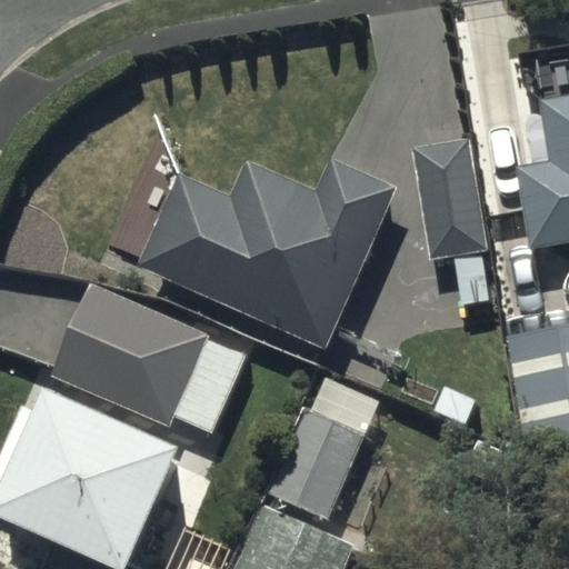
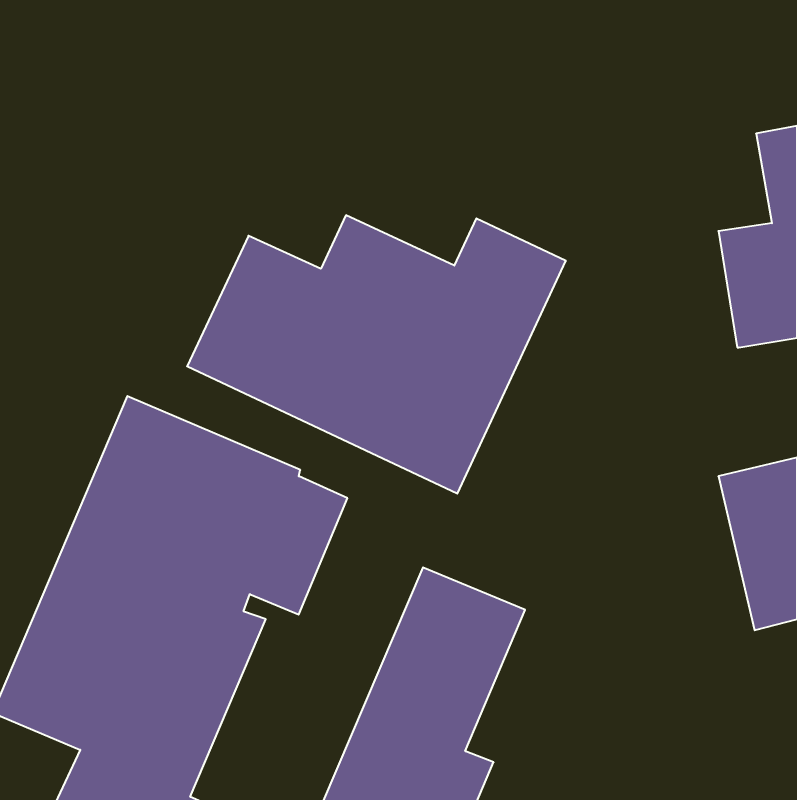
building: [407,138,483,262] -> none

